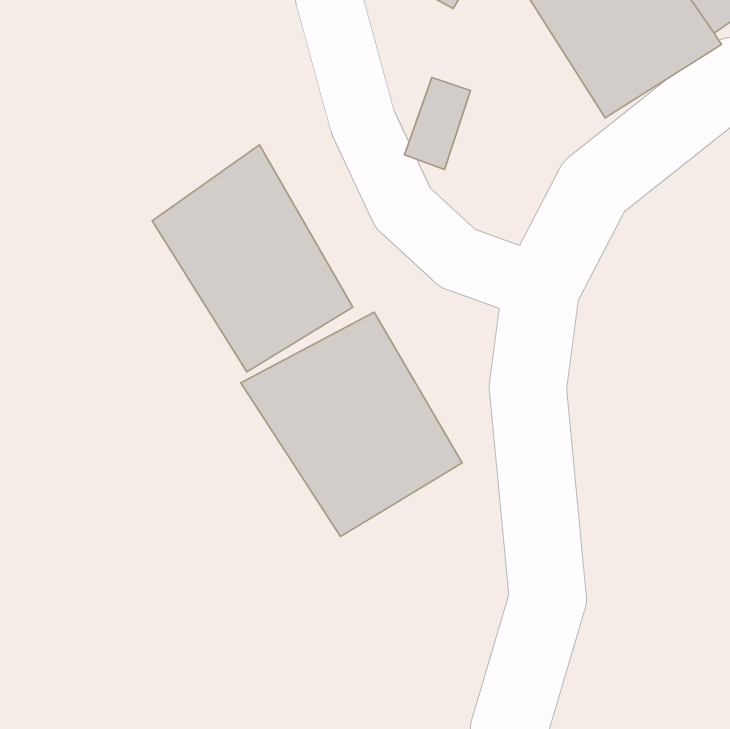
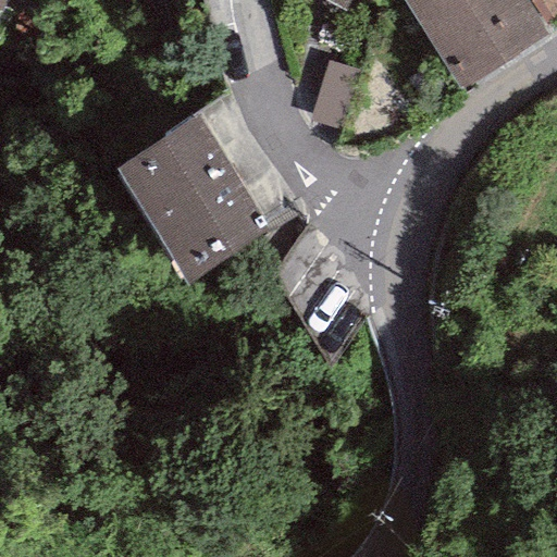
building: [241,312,462,537] -> none

